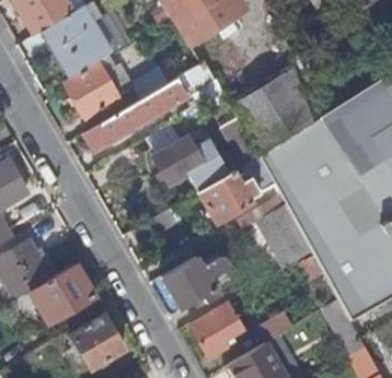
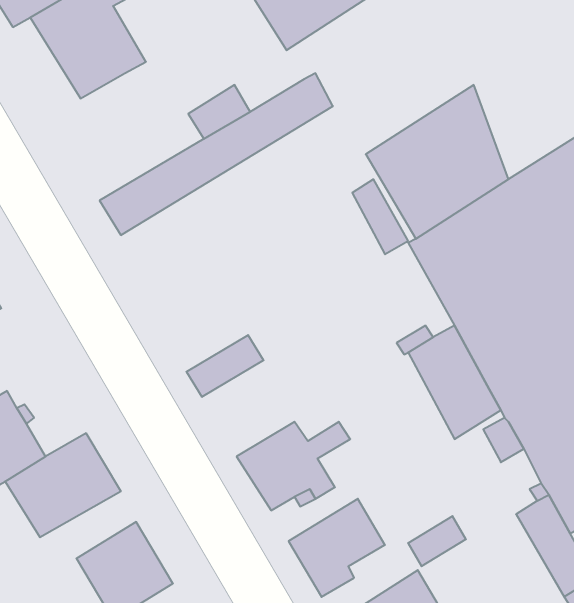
building: [64,60,119,119] -> none
building: [152,134,208,184] -> none
building: [197,169,261,221] -> none

